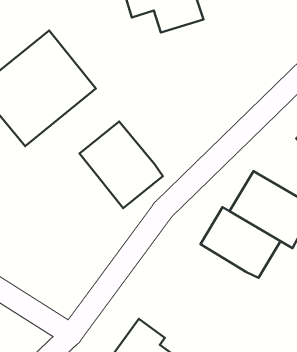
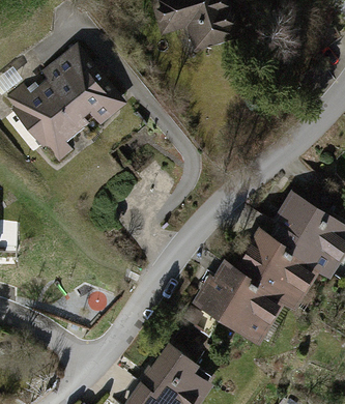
building: [80,121,163,208] -> none
building: none -> [192,259,283,341]

